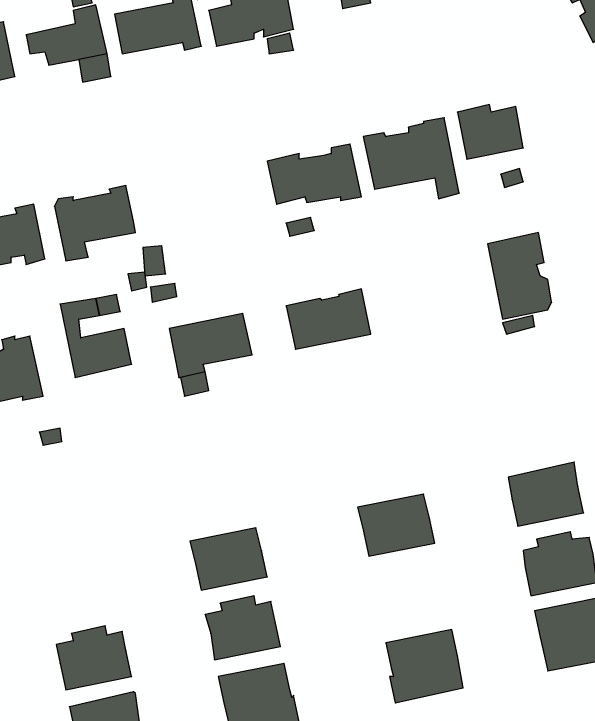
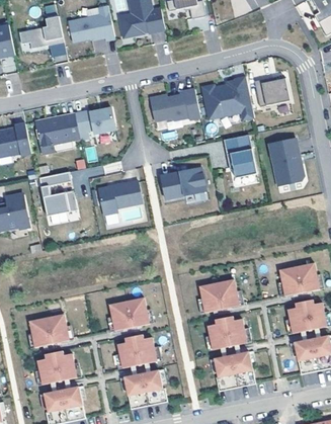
building: none -> [74,108,114,134]
building: none -> [223,135,256,178]
building: none -> [28,314,69,347]
building: none -> [206,316,247,350]

